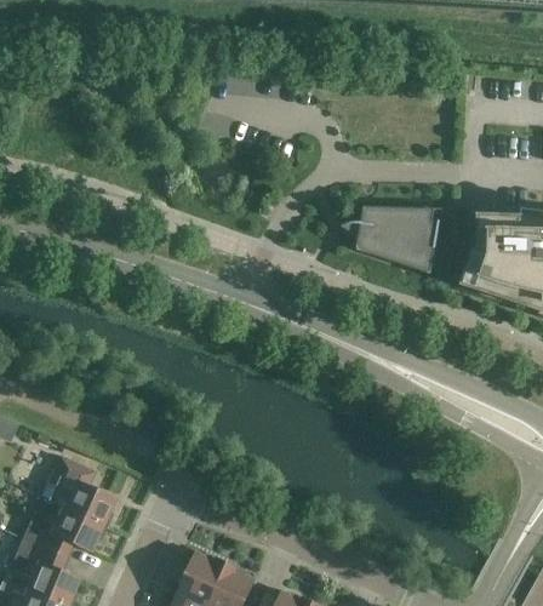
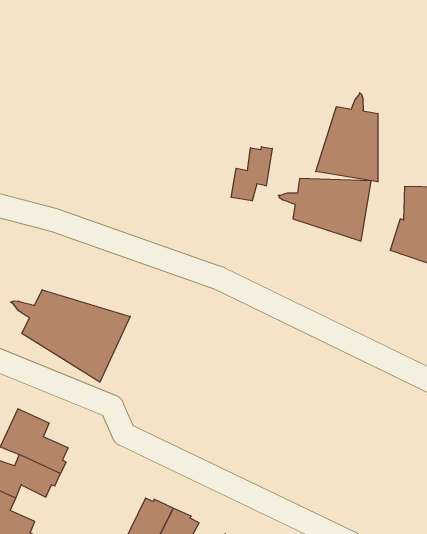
building: none -> [316,93,378,182]
building: none -> [231,147,272,201]
building: none -> [11,290,130,382]

